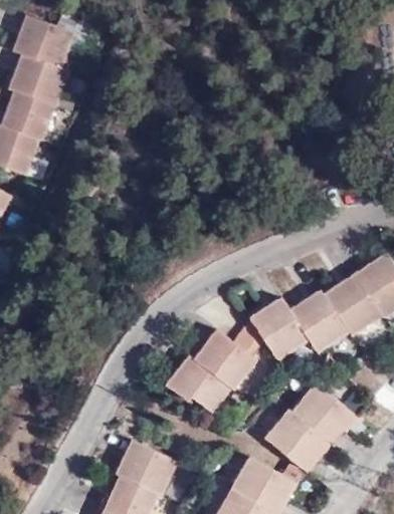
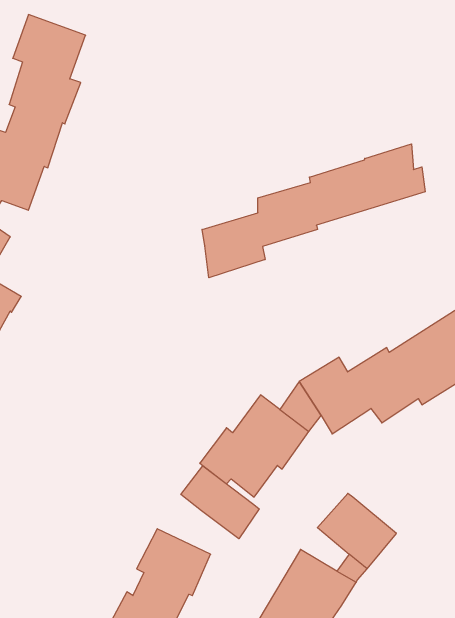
building: none -> [202,144,425,278]
building: [293,383,358,445] -> none
building: none -> [181,466,259,539]

